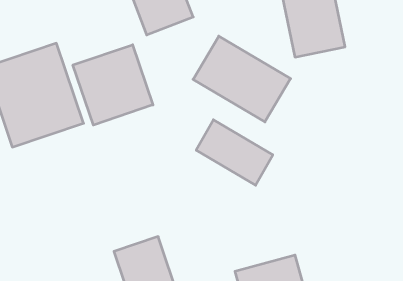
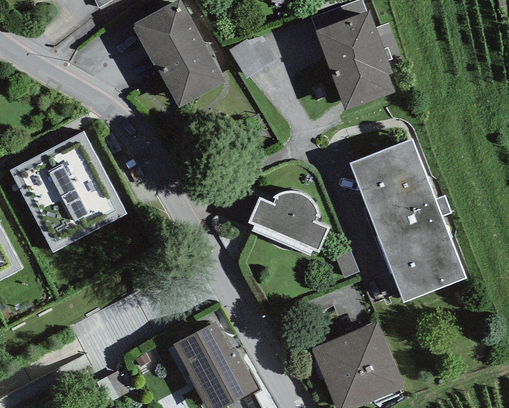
building: [193,36,291,122] -> none
building: [73,45,153,125] -> none
building: none -> [349,138,467,300]

